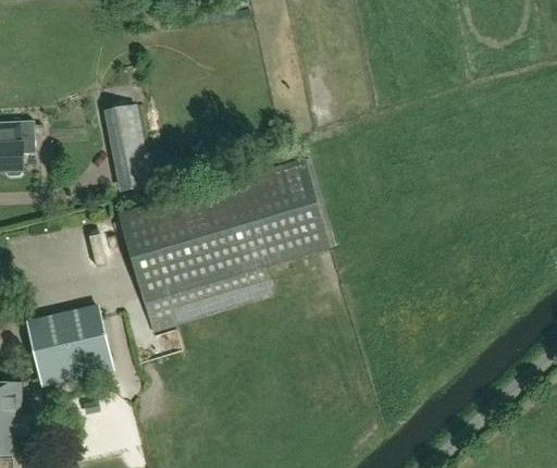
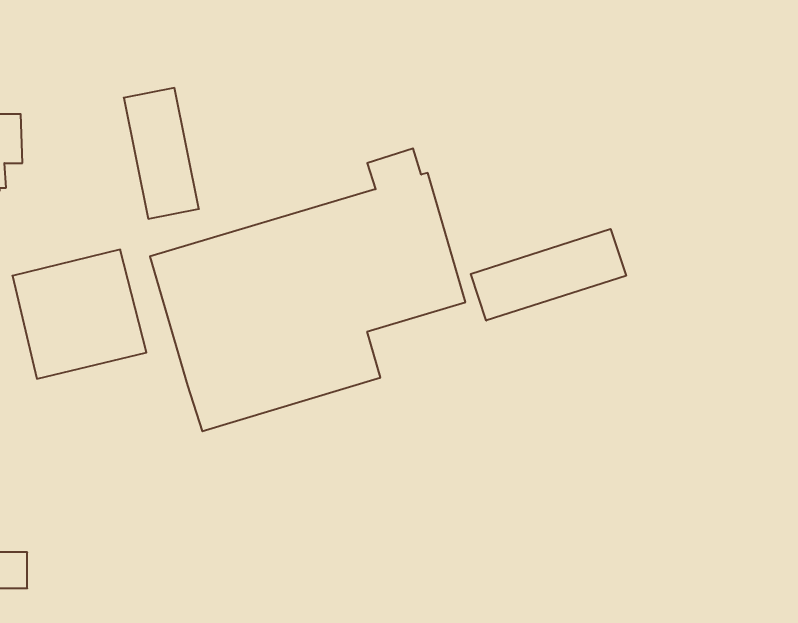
building: none -> [471,229,626,321]
building: [24,303,113,389] -> [12,250,146,379]

